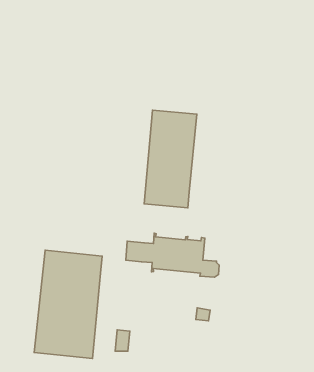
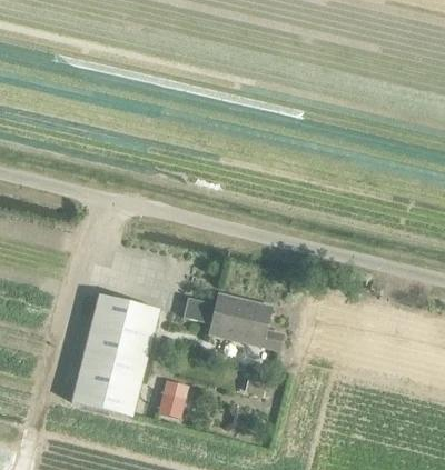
building: [144,110,197,208] -> none

